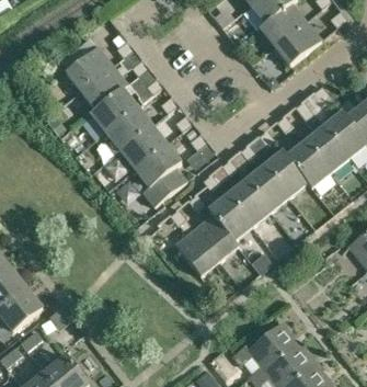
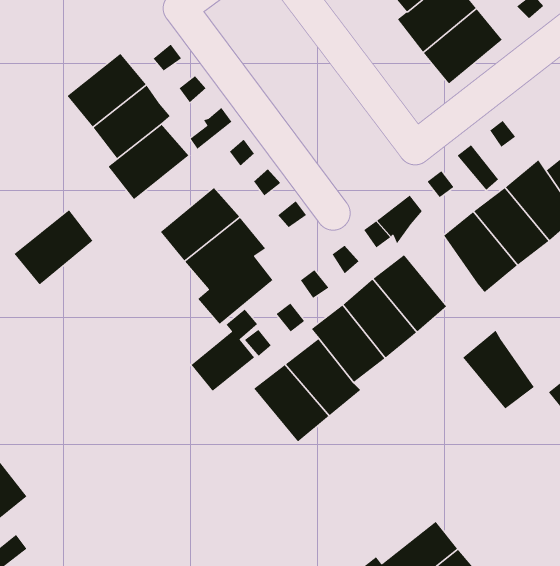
building: [104,107,151,152] -> [13,209,94,286]
building: [263,149,306,196] -> [462,329,535,410]
building: none -> [190,308,258,392]

